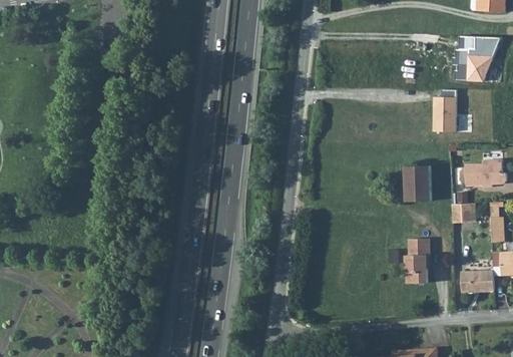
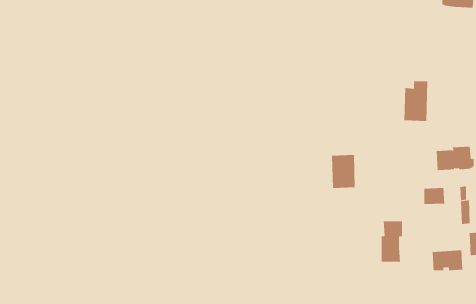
building: [451,37,500,82] -> none
building: [405,165,431,202] -> [331,154,356,188]

